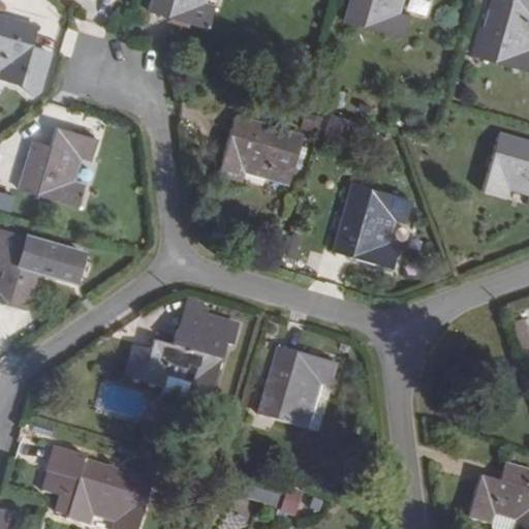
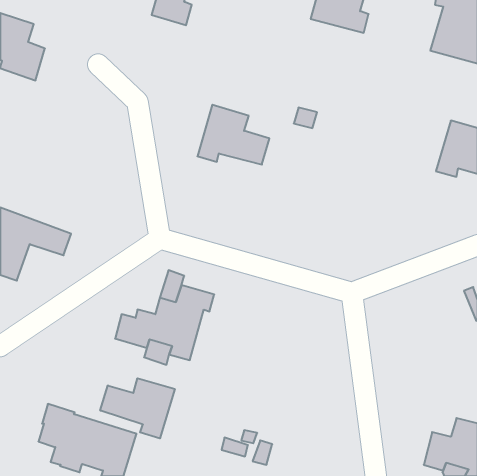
building: [20,126,95,205] -> none
building: [334,183,410,267] -> none
building: [260,348,335,425] -> none
building: none -> [100,378,175,438]

